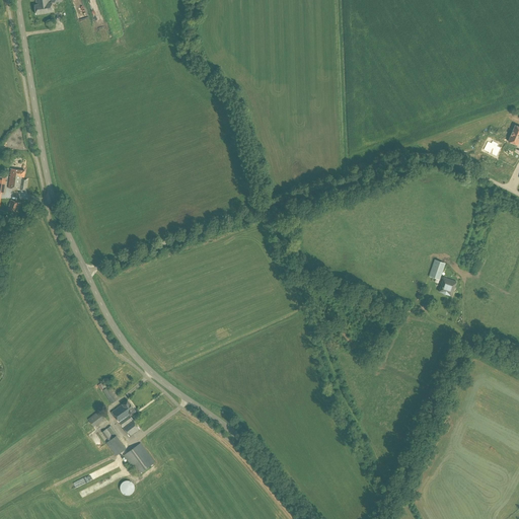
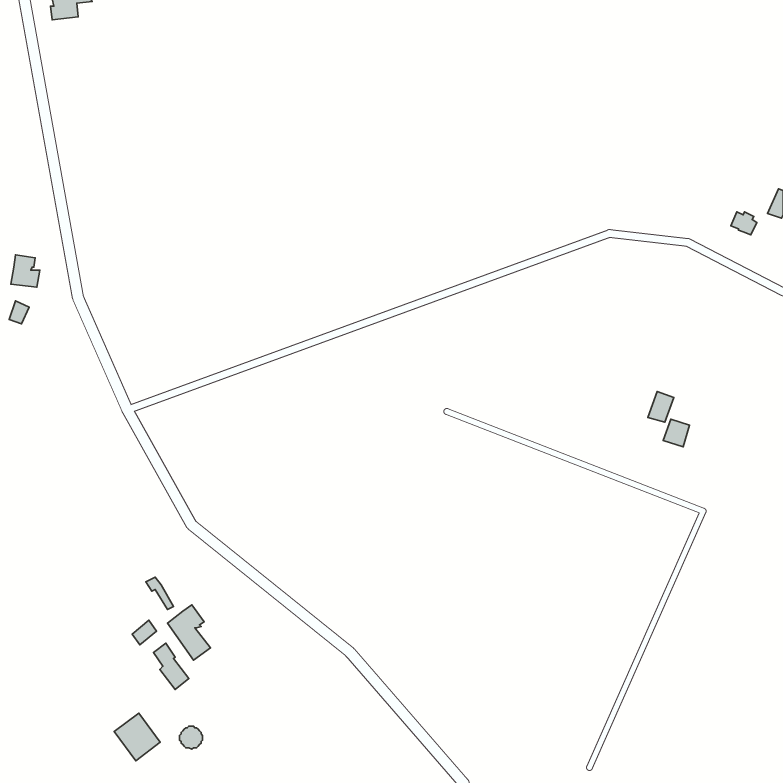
building: [123,442,153,473] -> [114,713,160,761]

